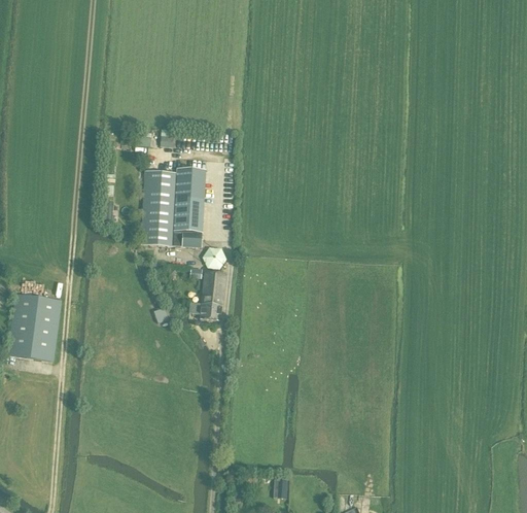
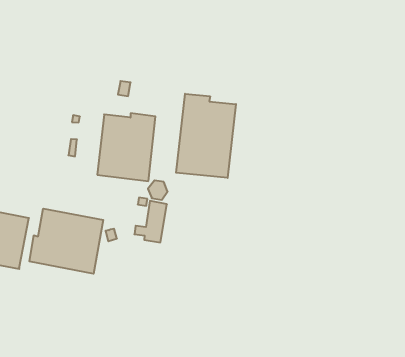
building: none -> [176,94,236,178]
building: none -> [29,209,103,274]

